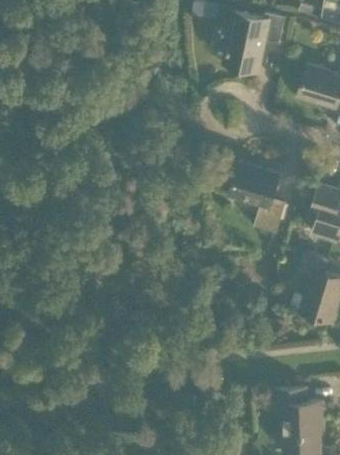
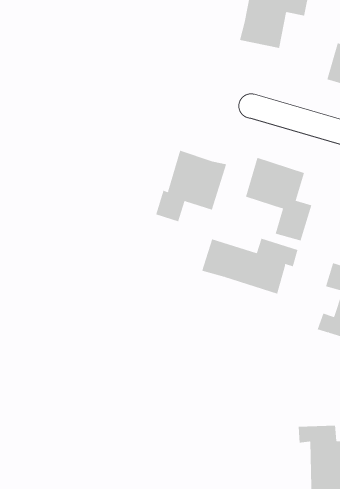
building: none -> [156,150,227,222]
building: none -> [201,238,298,294]

